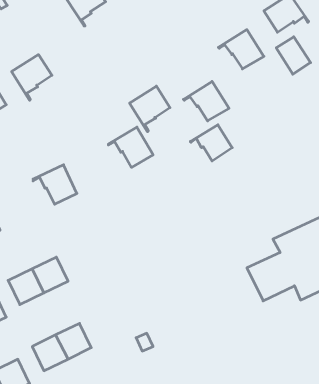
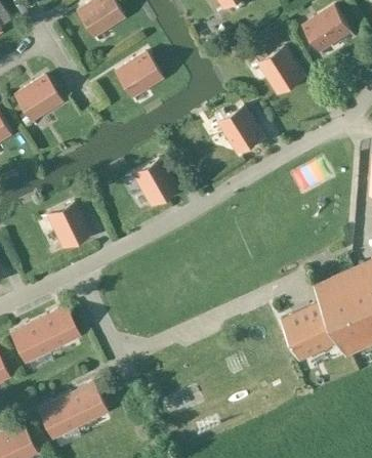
building: [276,37,311,74] -> none
building: [130,86,170,132] -> [115,53,161,106]
building: [190,125,232,161] -> none

